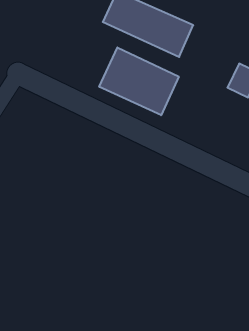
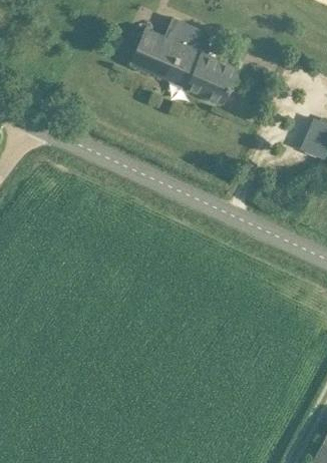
building: [99,47,179,115] -> none

